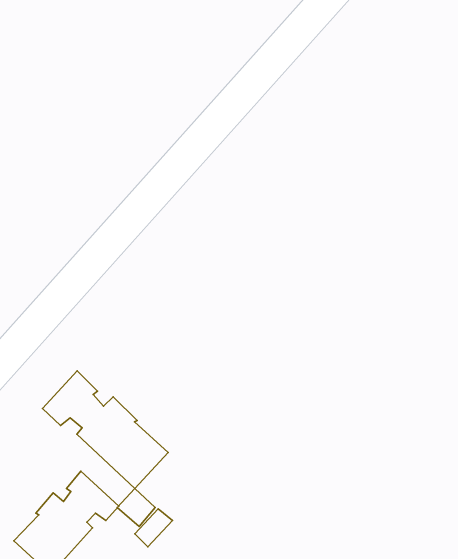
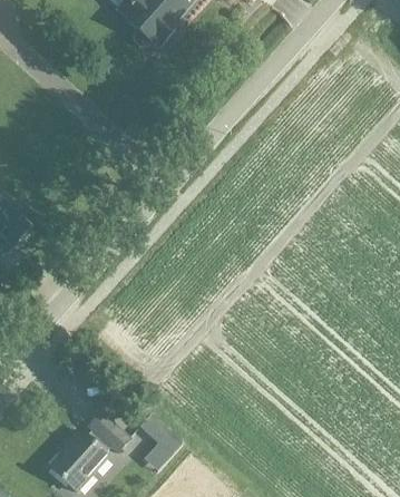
building: [42,371,168,489] -> none

